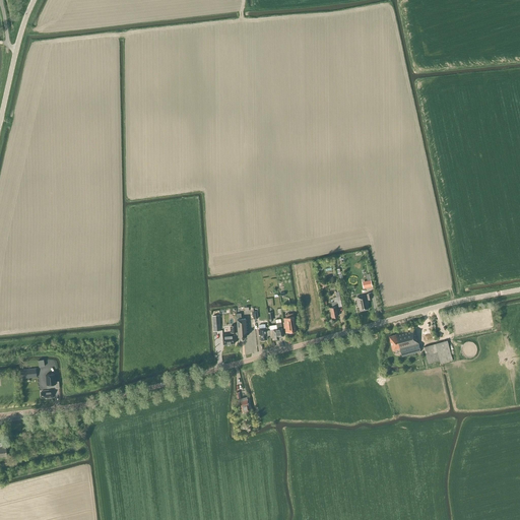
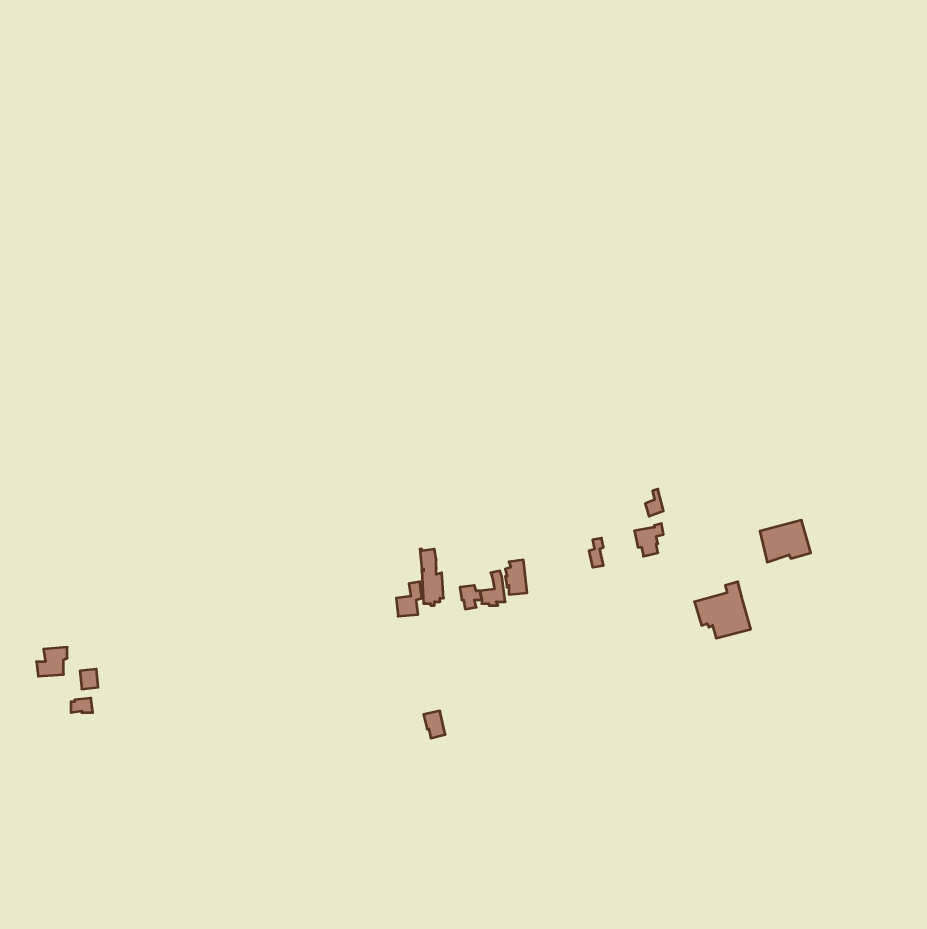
building: [422,340,451,364] -> [760,520,811,562]

